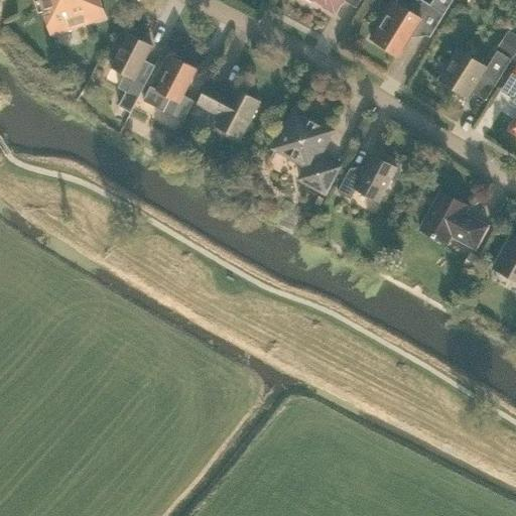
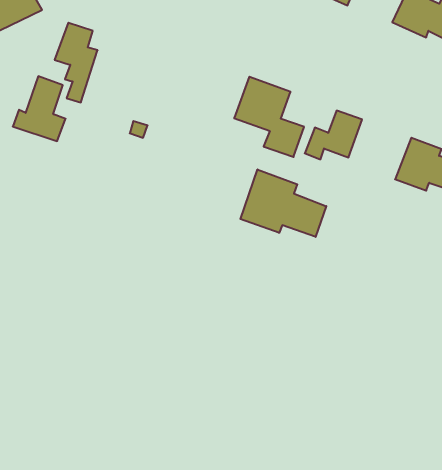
building: [143,56,197,121] -> [13,76,66,141]
building: [199,83,260,138] -> none
building: none -> [240,169,326,237]

